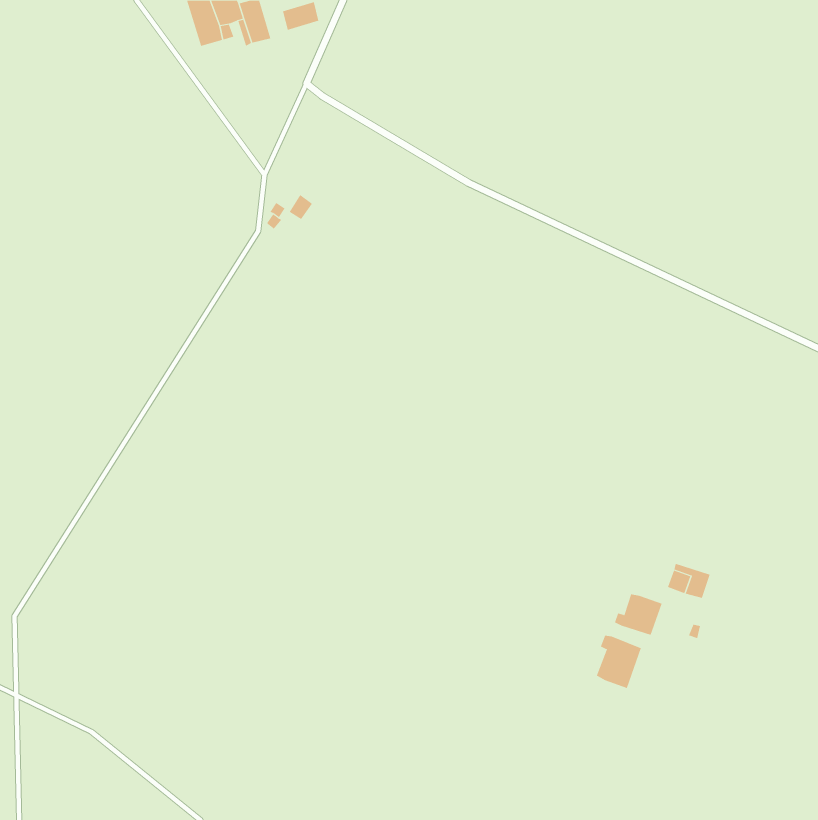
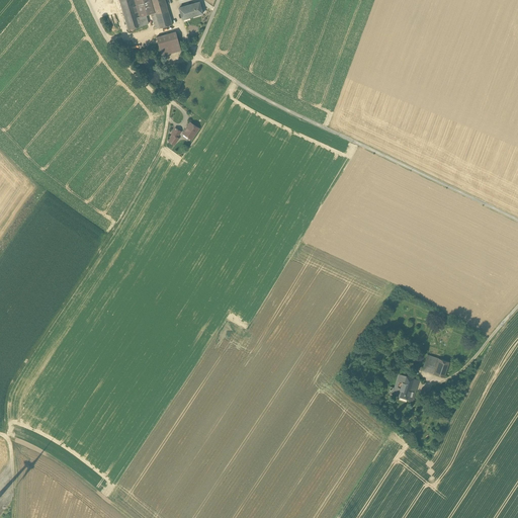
building: none -> [156,31,180,56]
building: [596,635,642,689] -> none

